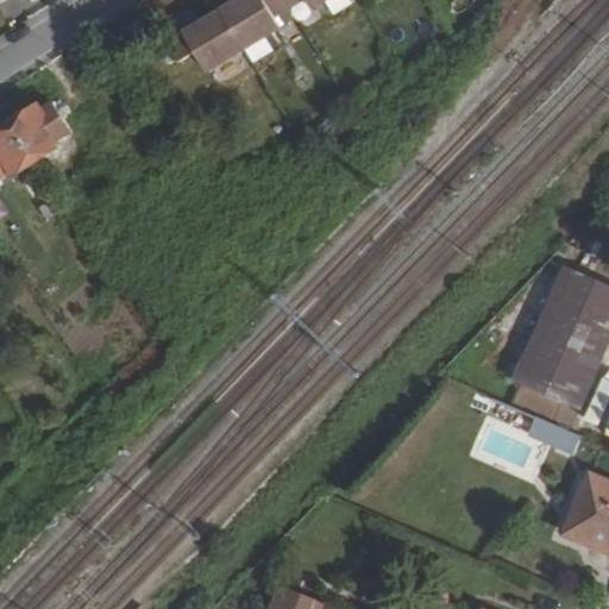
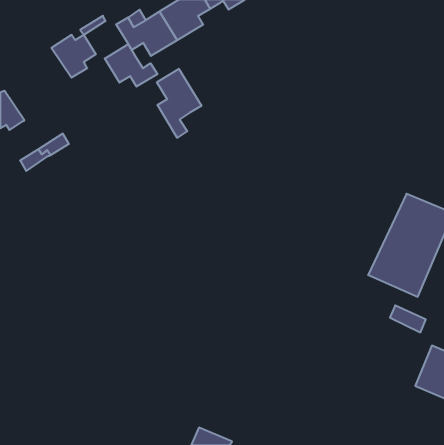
building: none -> [105,44,157,87]
building: none -> [157,69,201,138]
building: [8,106,69,164] -> [51,35,96,78]

